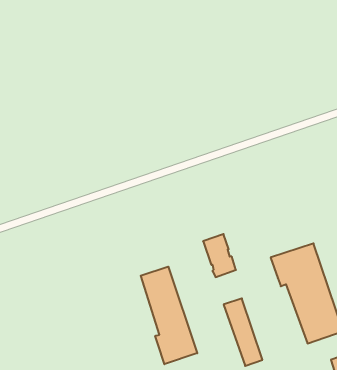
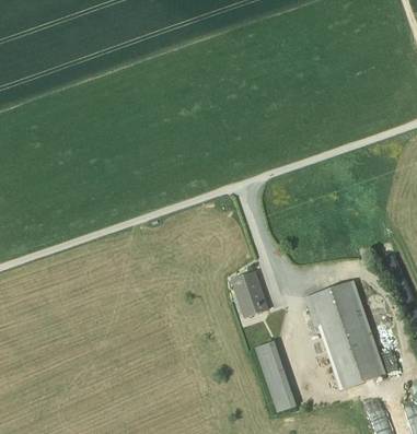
building: [141,267,197,364] -> none

